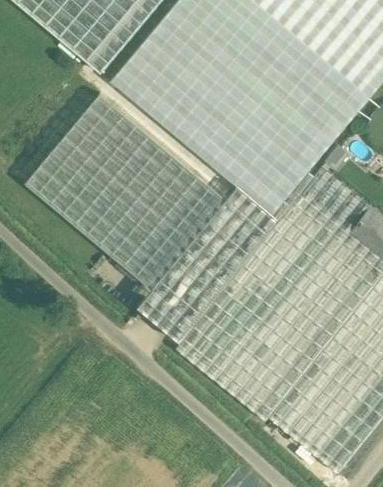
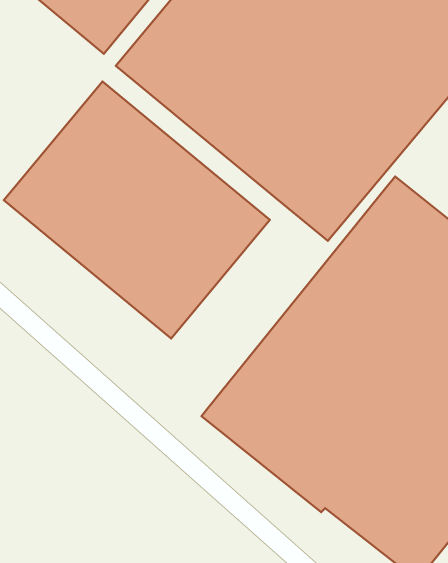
building: [138,170,314,341] -> none

